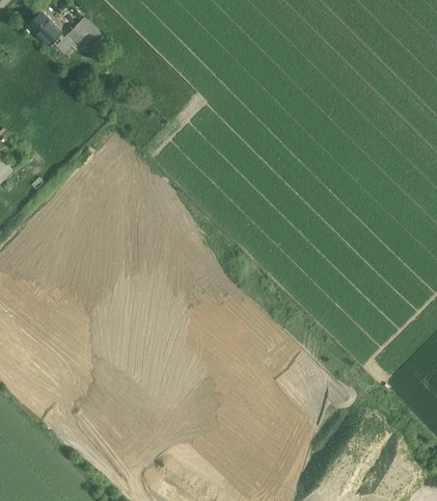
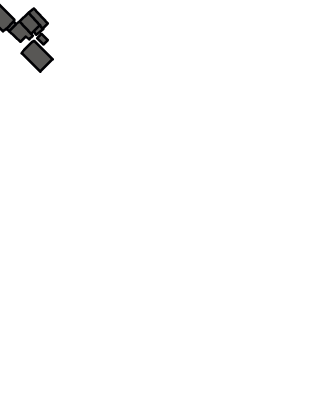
building: none -> [22,41,53,72]

